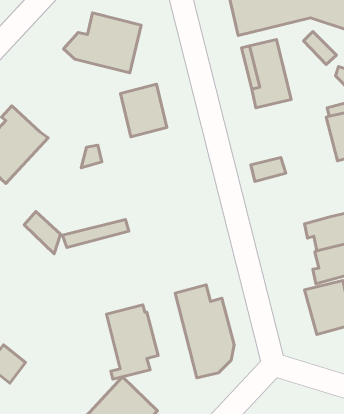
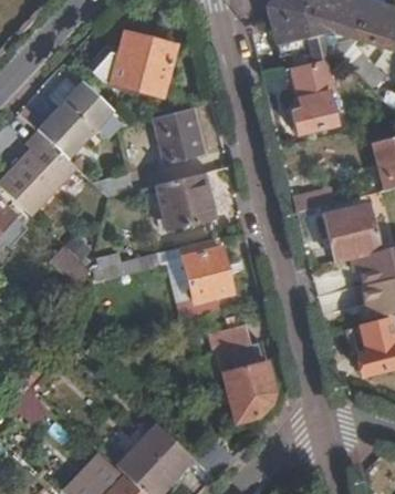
building: none -> [38,81,114,158]
building: none -> [156,173,215,230]
building: none -> [324,204,380,260]
building: [107,305,158,379] -> [178,238,233,318]

